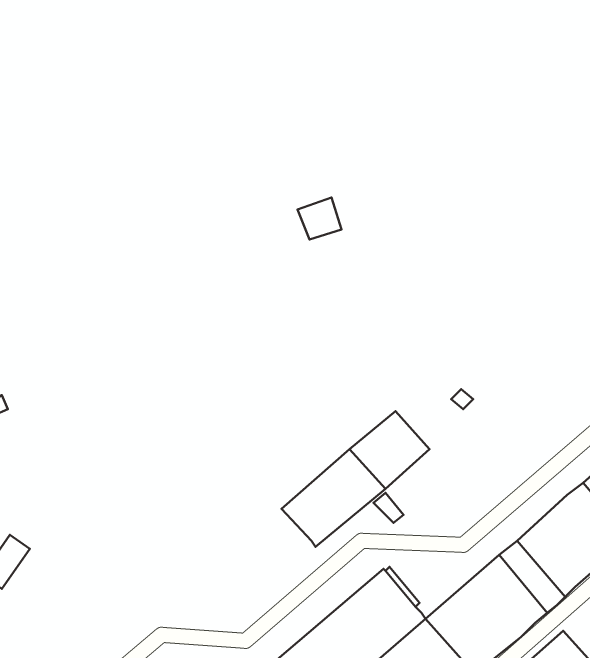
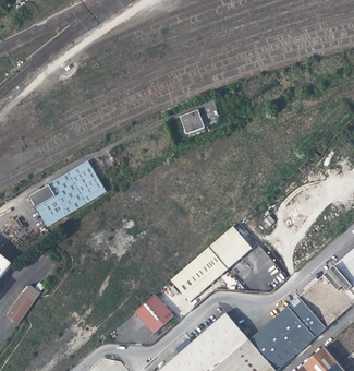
building: none -> [29,160,105,225]
building: none -> [134,294,173,333]

